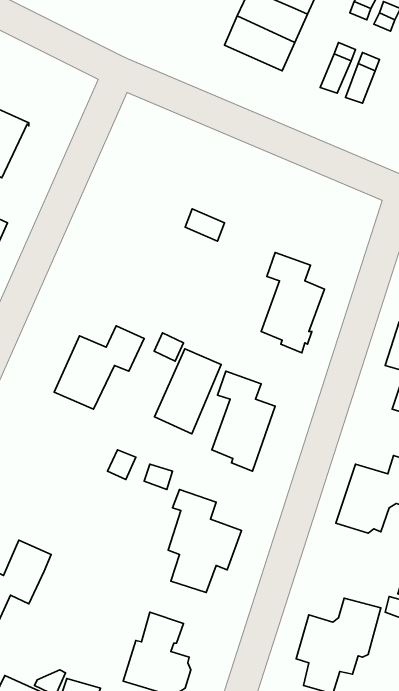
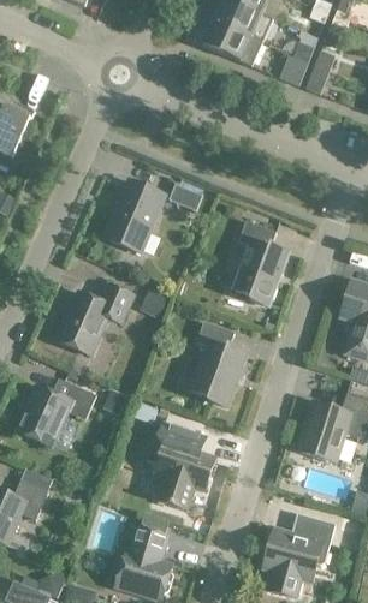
building: none -> [102,180,164,252]
building: [154,349,221,434] -> none
building: none -> [14,383,95,447]

